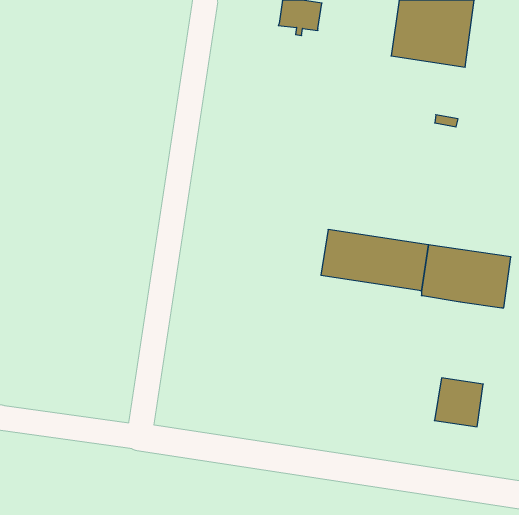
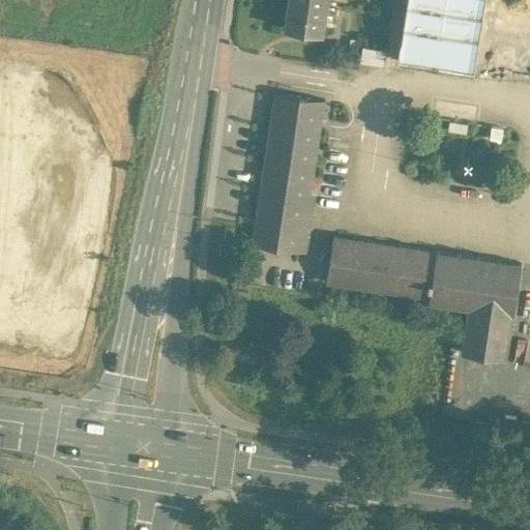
building: none -> [252,94,325,254]
building: [434,378,483,427] -> [462,312,511,361]

